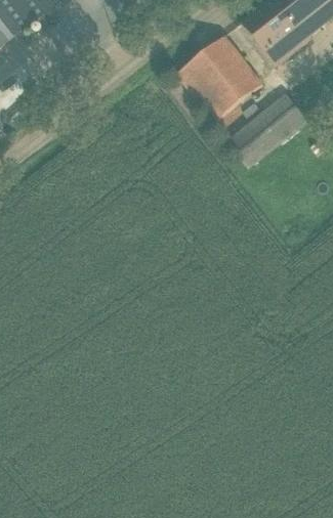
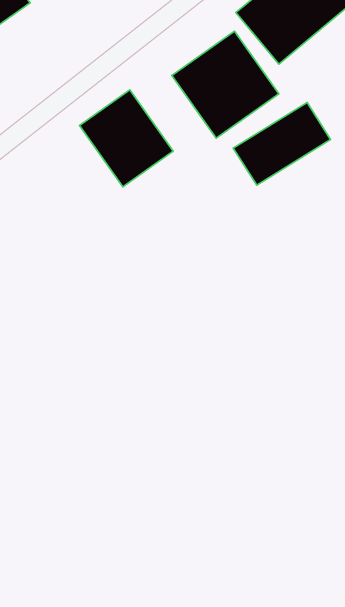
building: none -> [80,90,173,187]

